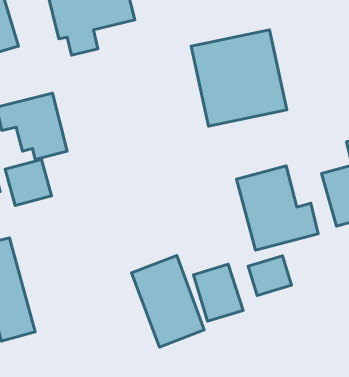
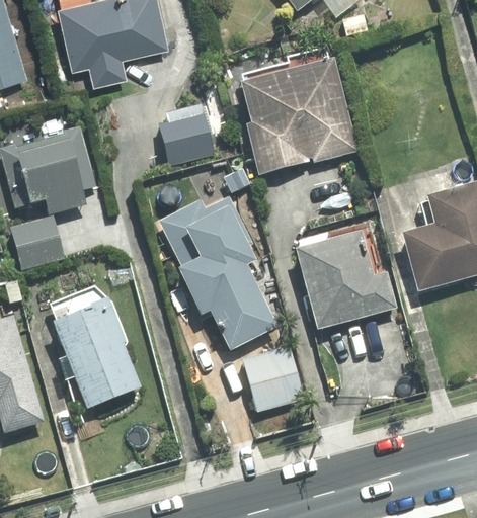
building: none -> [156,105,218,175]
building: none -> [155,197,275,349]
building: [131,256,204,347] -> [51,295,140,408]
building: [248,256,291,295] -> none

